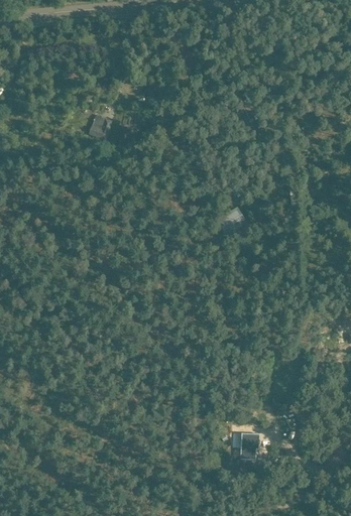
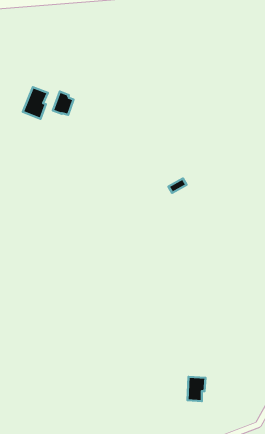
building: none -> [23,87,48,119]

